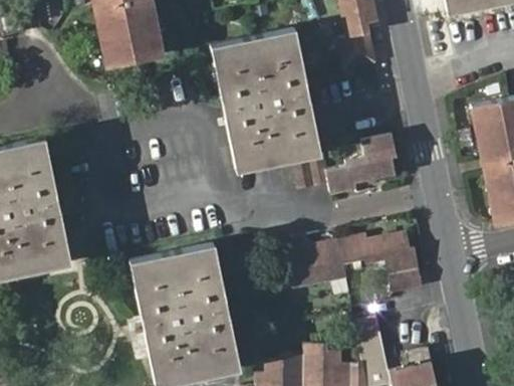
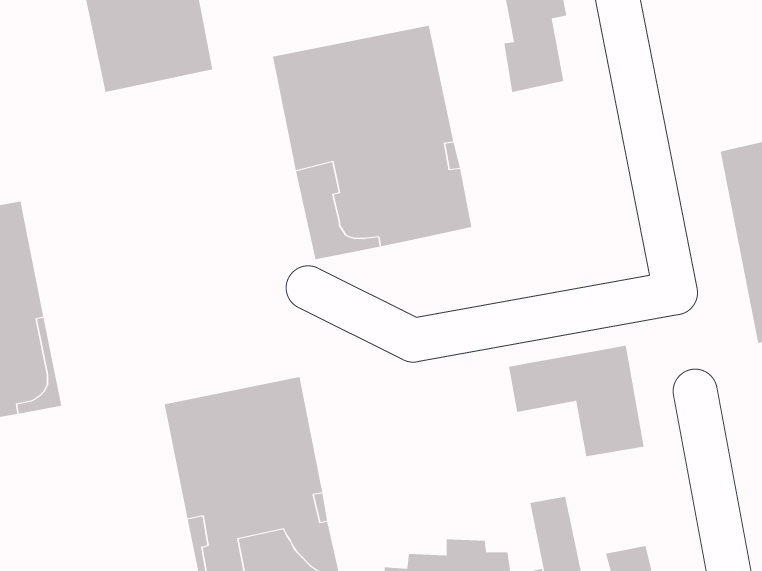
building: [328,134,403,194] -> none
building: [282,239,350,288] -> none

